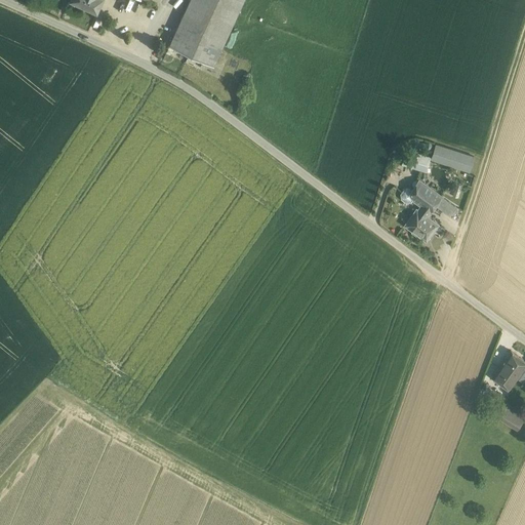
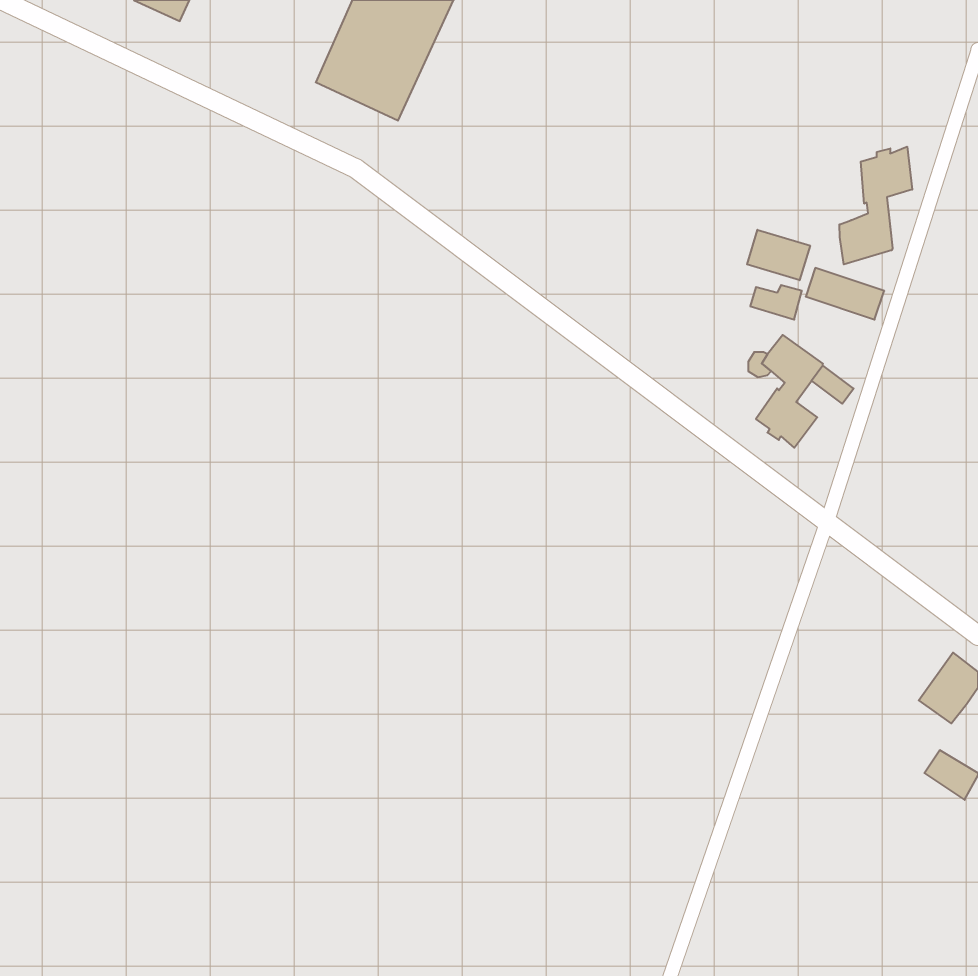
building: none -> [839,147,912,264]
building: none -> [747,230,810,280]

